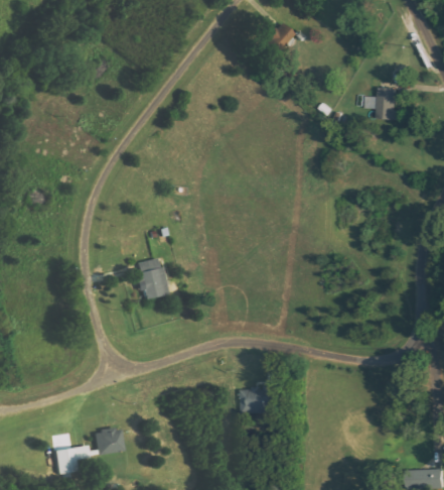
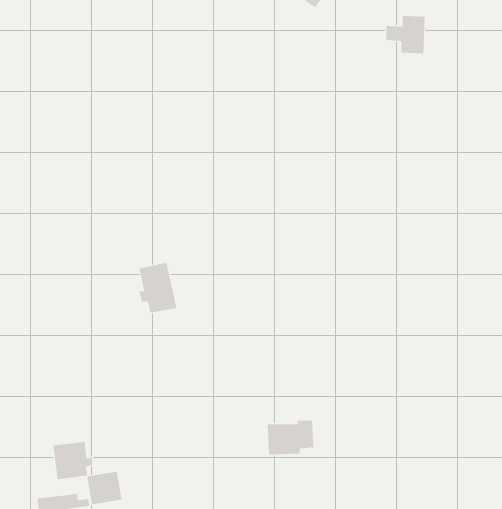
building: [364,89,397,120] -> [386,15,425,54]
building: none -> [53,441,93,480]

